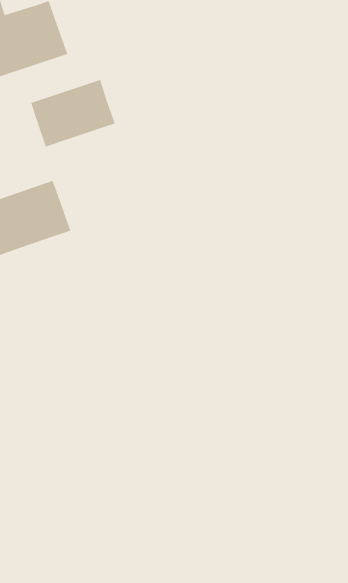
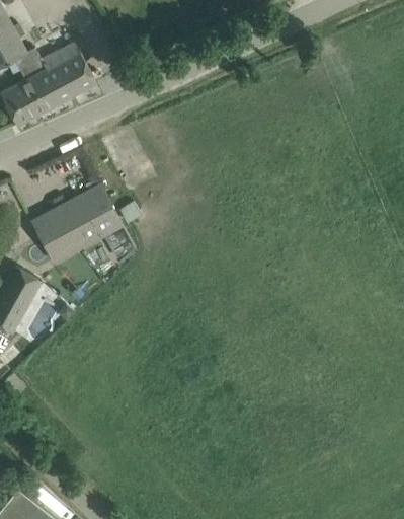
building: [31,79,115,147] -> none

